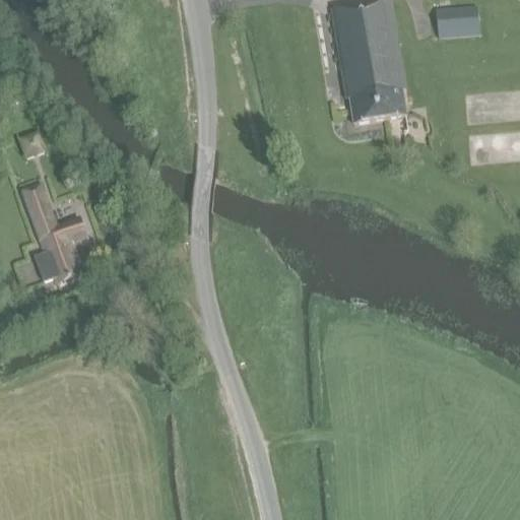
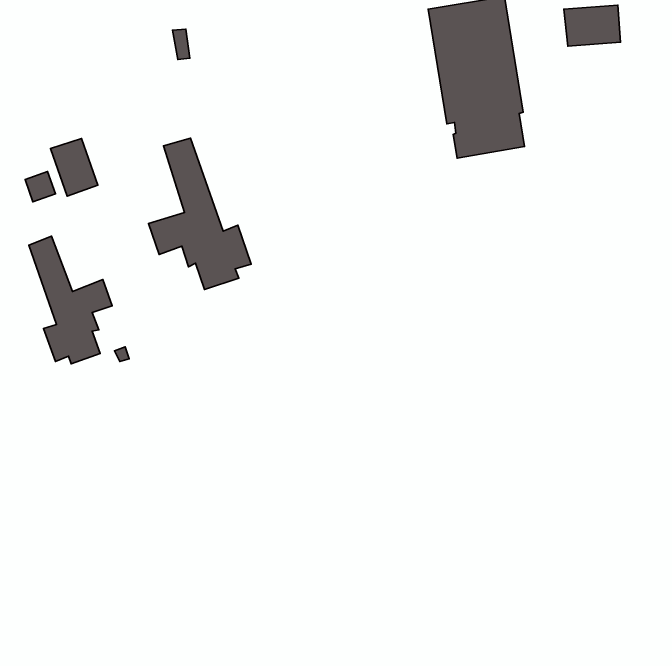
building: none -> [148,138,251,290]
building: none -> [50,139,98,196]

